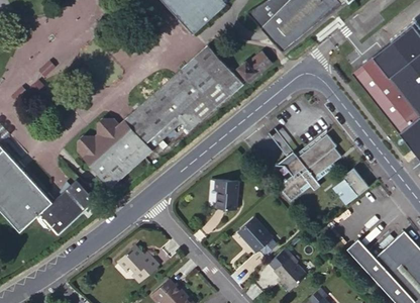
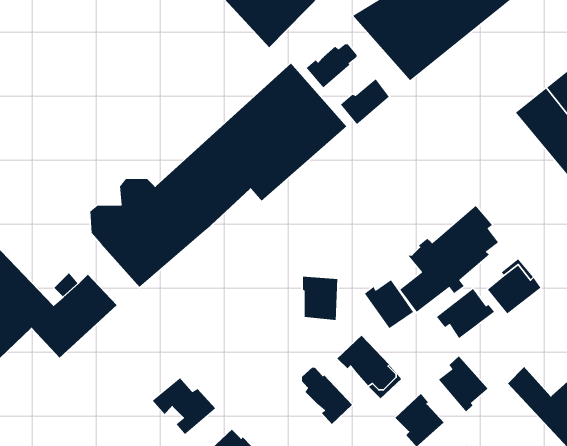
building: none -> [305,44,357,88]
building: none -> [364,279,414,329]
building: none -> [436,288,495,339]
building: none -> [438,356,488,412]
building: none -> [301,367,353,425]

